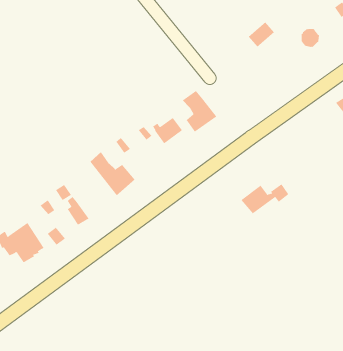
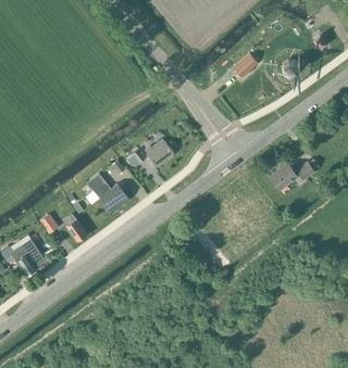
building: [182,90,217,133] -> none
building: [241,184,289,214] -> [269,162,313,190]

